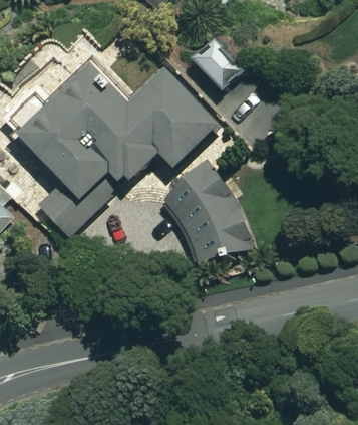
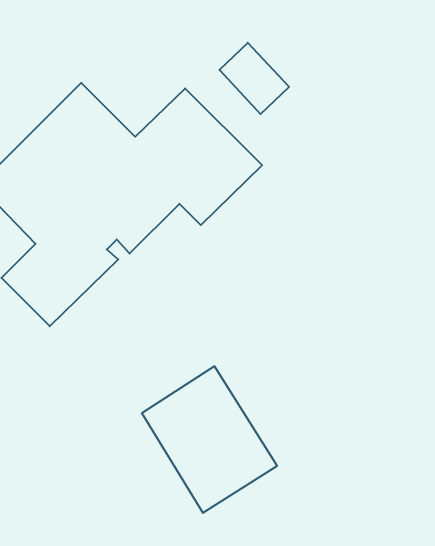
building: [158,163,254,266] -> [142,366,277,513]

